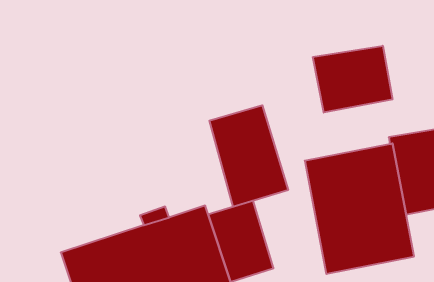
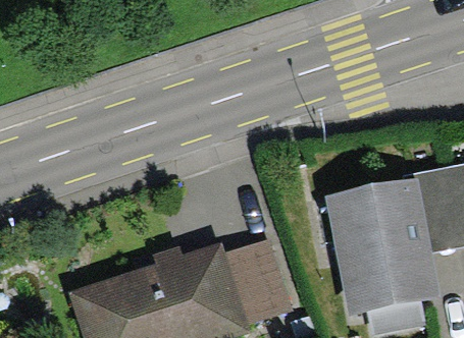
building: [313,46,392,113] -> none
building: [209,105,288,207] -> none

